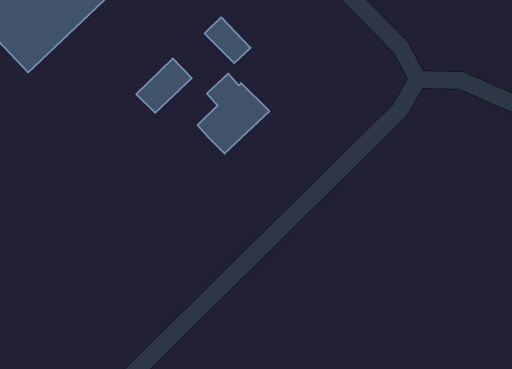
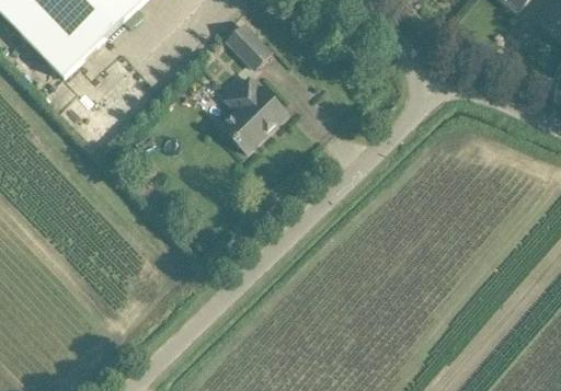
building: [136,58,192,113] -> none

